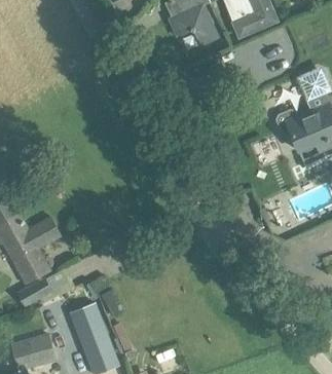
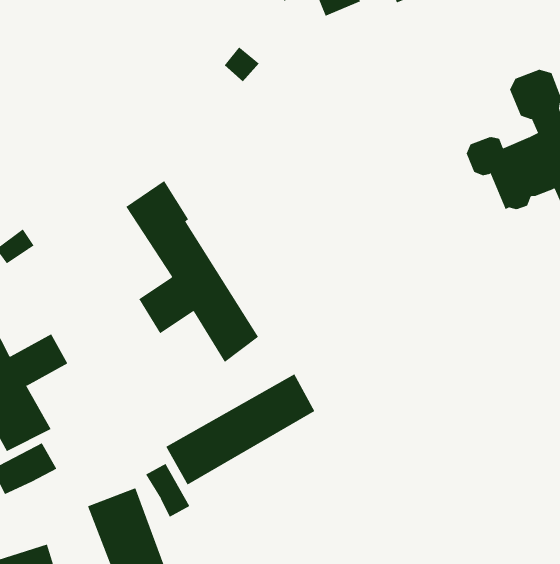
building: none -> [125,180,259,363]
building: none -> [165,374,315,485]

